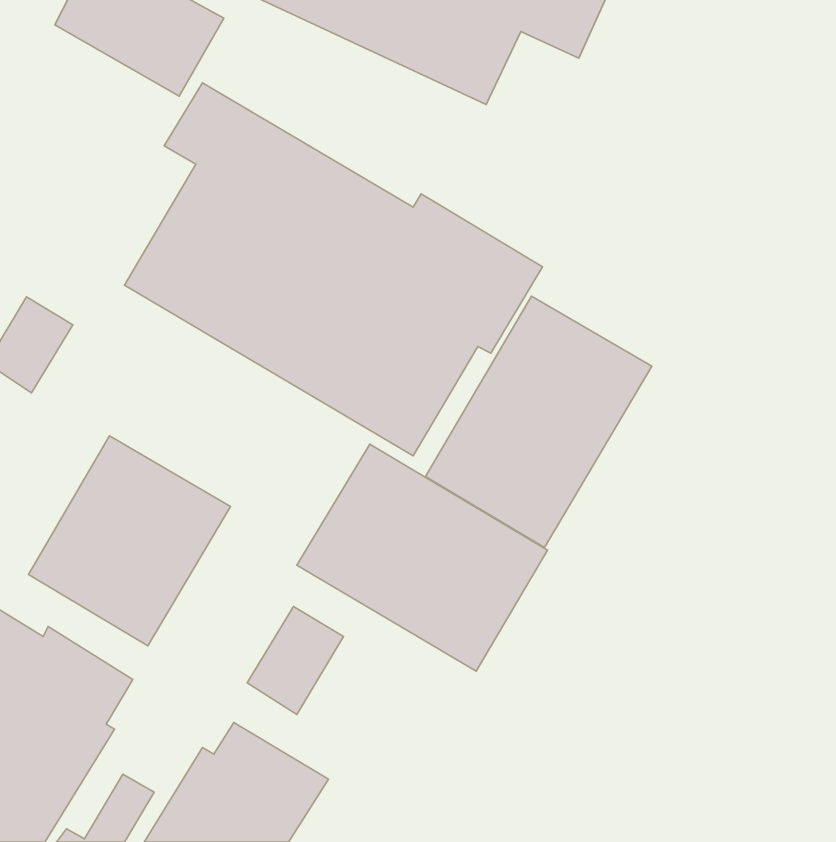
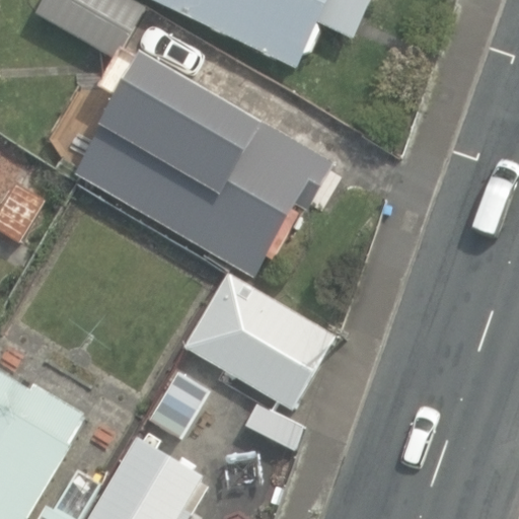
building: [425,296,652,547] -> none
building: [28,436,231,646] -> none

